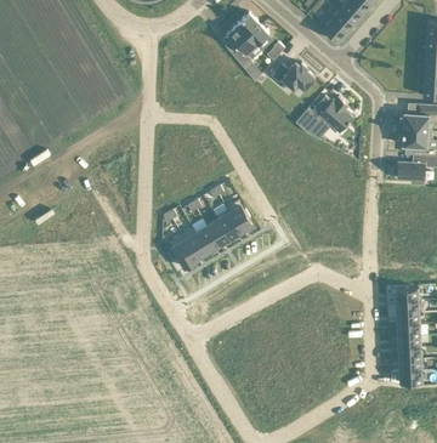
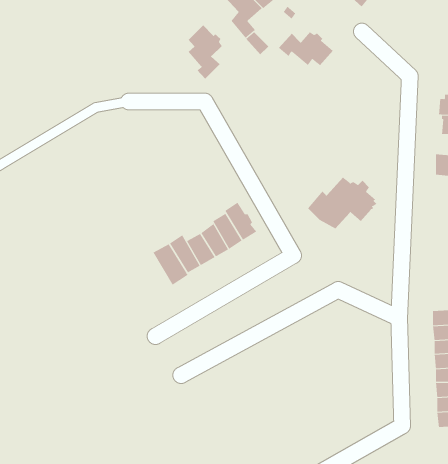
building: none -> [188,25,222,80]
building: [295,96,352,138] -> [307,177,377,229]

